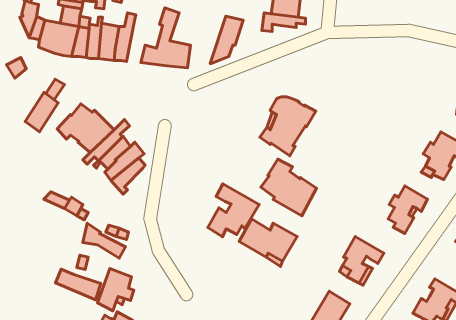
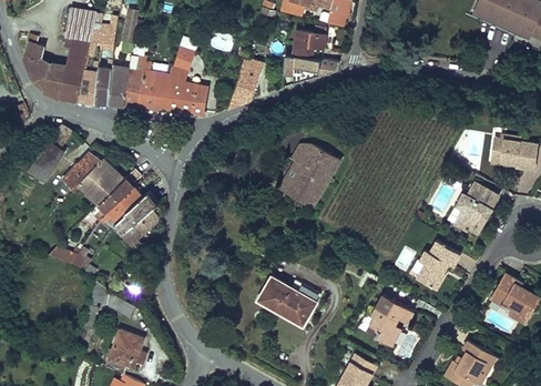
building: none -> [137,62,174,109]
building: [261,159,317,216] -> none
building: [208,184,259,237] -> none
building: [56,269,101,300] -> none

